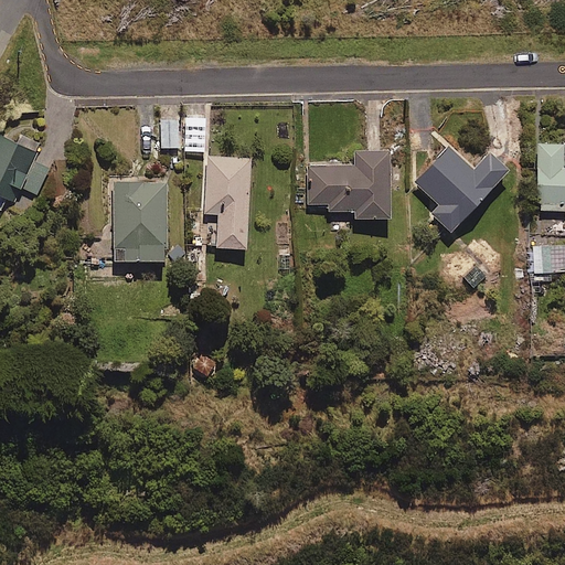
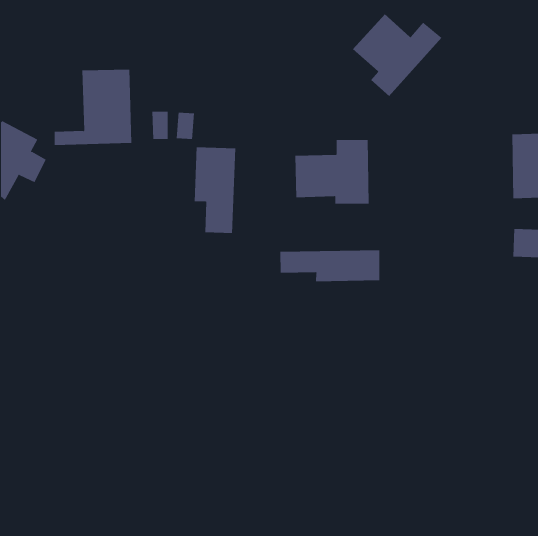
building: [412,143,505,231] -> [352,13,442,97]
building: [84,182,166,262] -> [54,69,132,145]
building: none -> [280,250,380,282]

